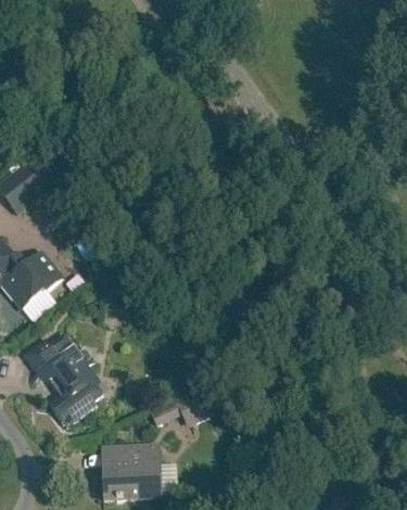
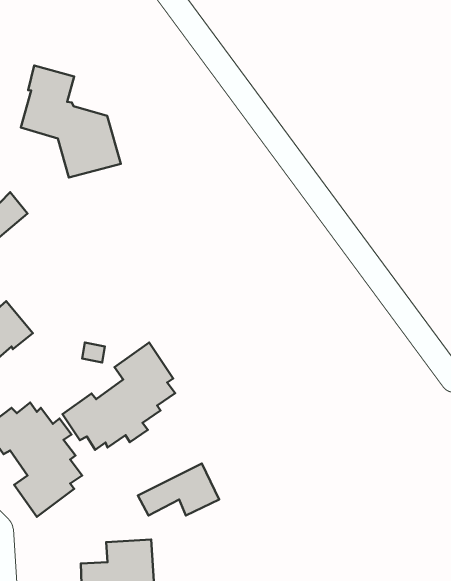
building: none -> [21,66,121,177]
building: none -> [63,342,175,450]

